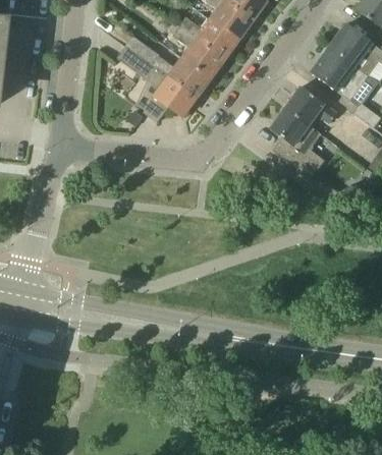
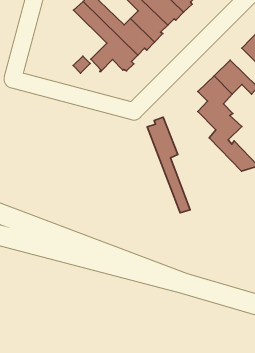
building: none -> [147,117,190,213]

